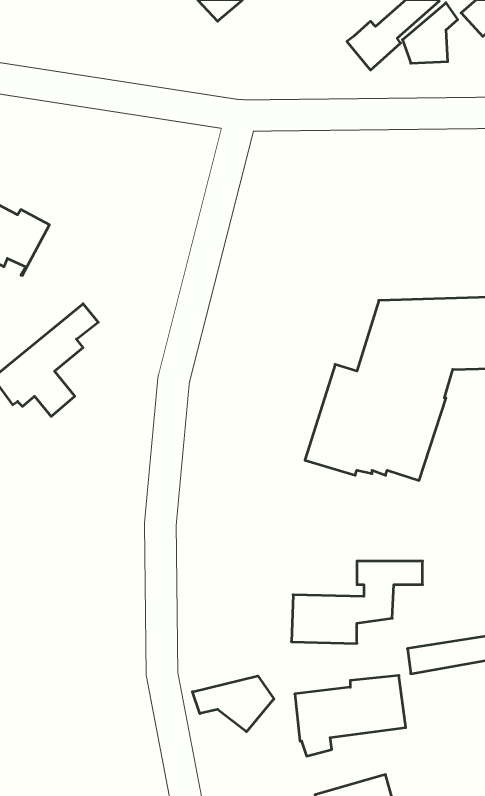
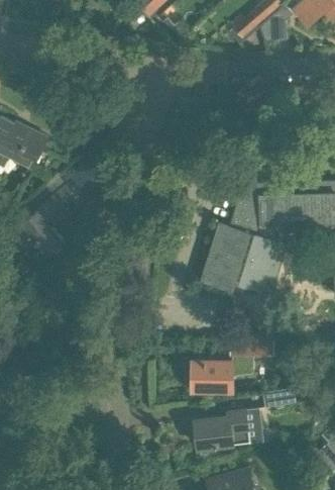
building: [192,676,274,732] -> none

